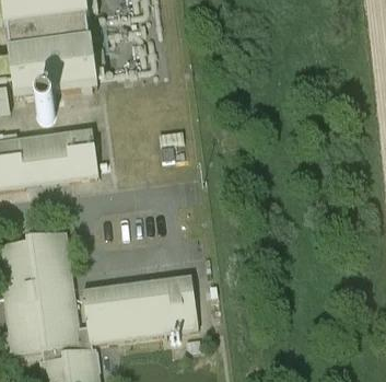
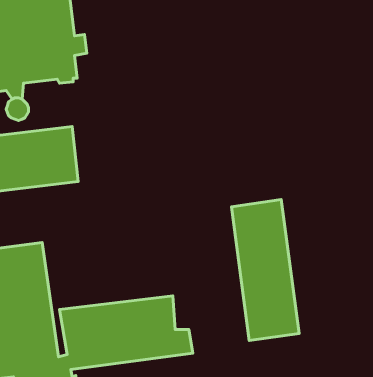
building: none -> [231,200,299,341]

